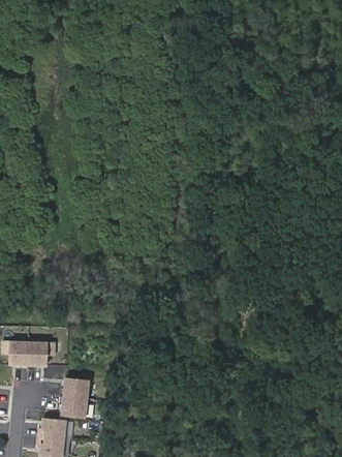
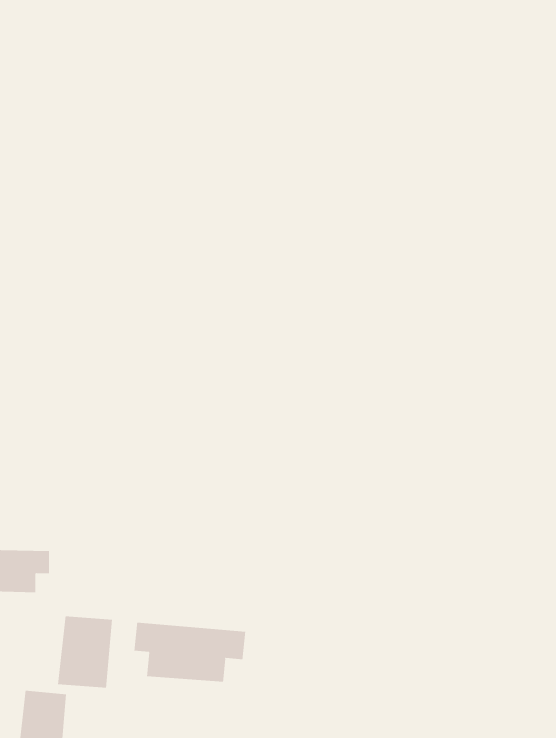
building: none -> [134,622,246,683]

